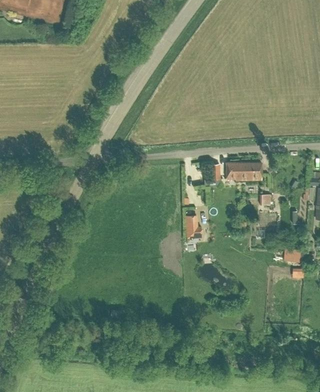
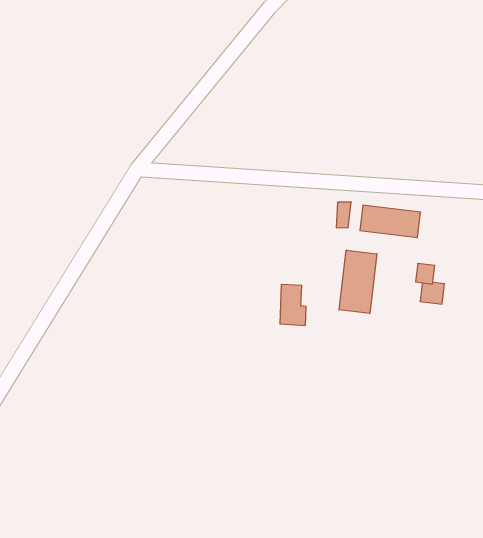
building: none -> [339,250,377,314]

